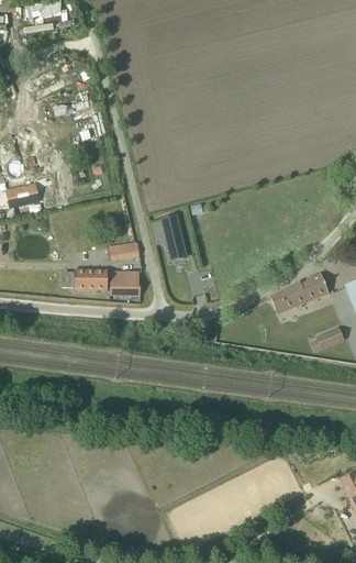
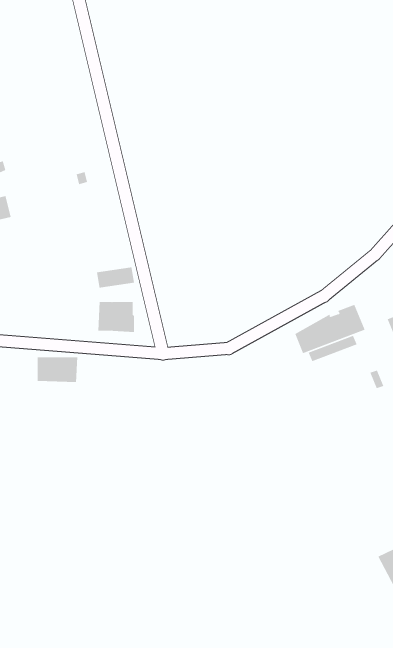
building: [160,214,186,258] -> none
building: [74,268,108,289] -> [37,357,78,382]

